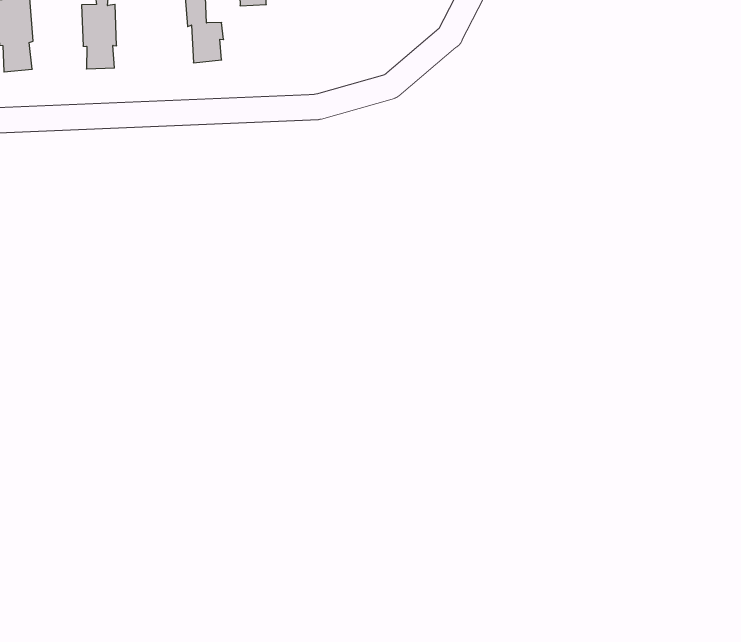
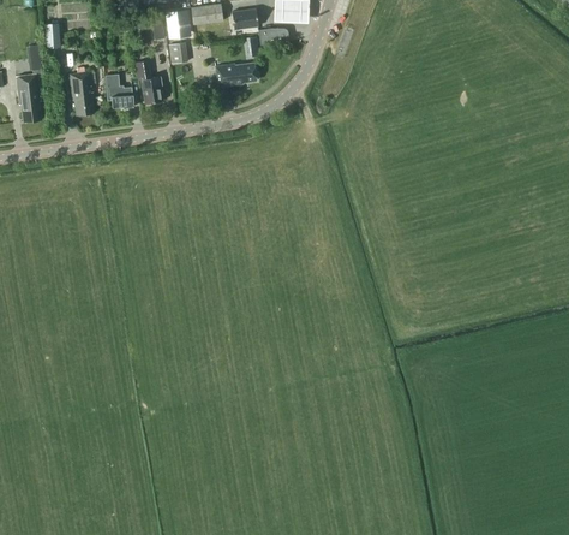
building: none -> [104,73,133,107]
building: none -> [215,63,256,87]

